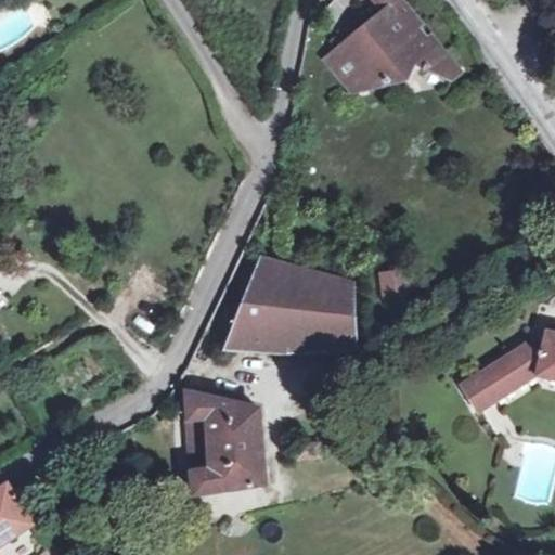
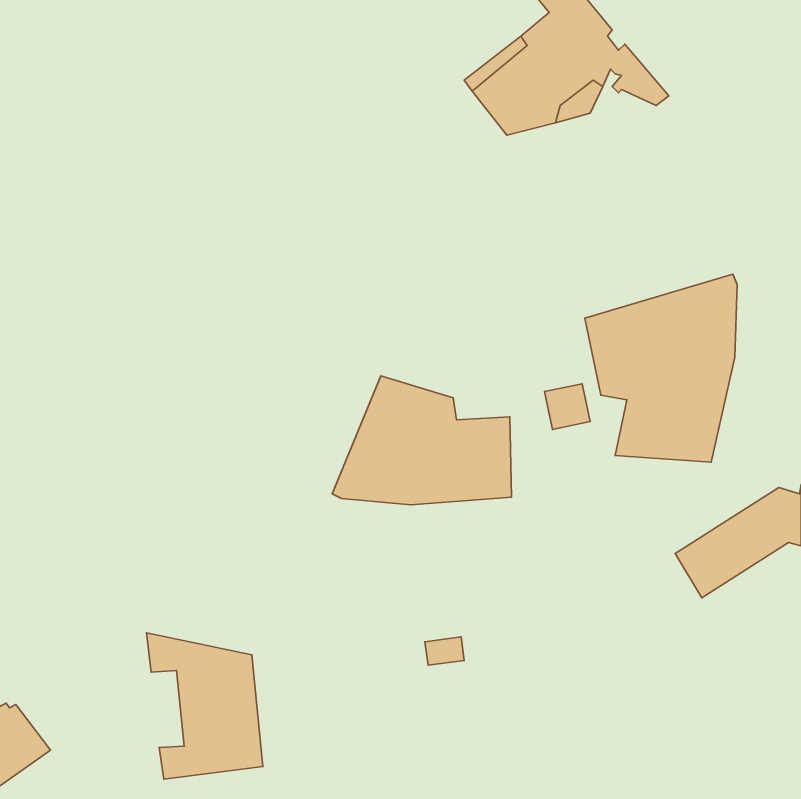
building: none -> [585,274,737,462]
building: [182,390,262,491] -> [146,633,263,779]

